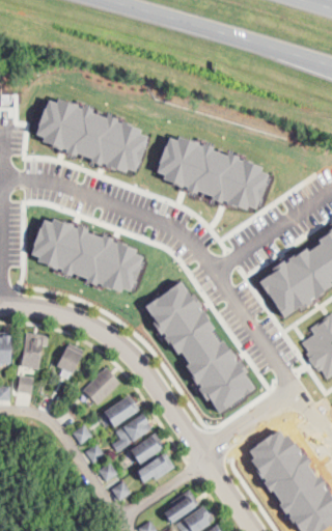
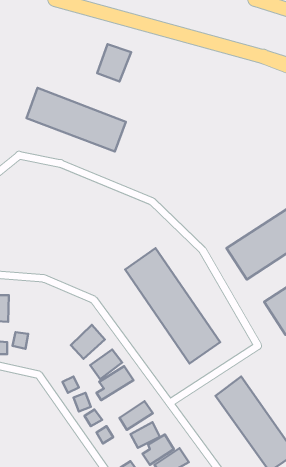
building: none -> [97,44,131,81]
building: [156,137,268,208] -> none
building: [28,219,140,289] -> none
building: [23,333,49,369] -> none
building: [57,342,85,374] -> none
building: [131,435,164,464] -> [130,422,160,448]

